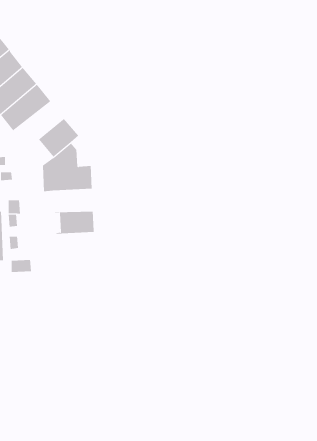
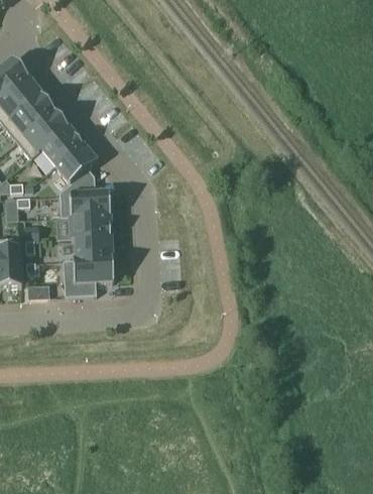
building: none -> [30,125,82,163]
building: none -> [71,213,111,236]
building: none -> [63,256,114,294]

